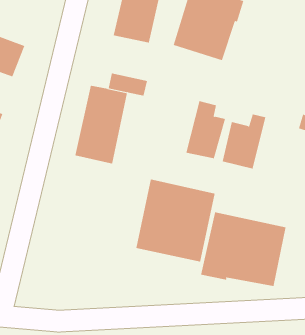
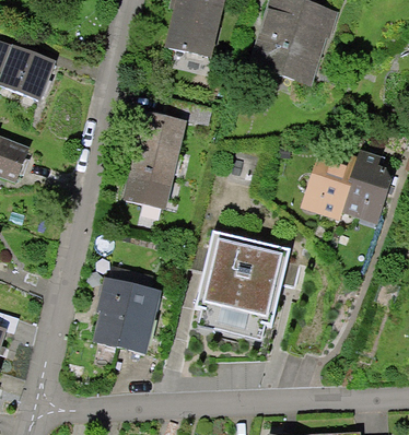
building: [186,101,226,159] -> [342,152,393,225]
building: [201,212,286,287] -> none
building: none -> [92,281,162,354]

